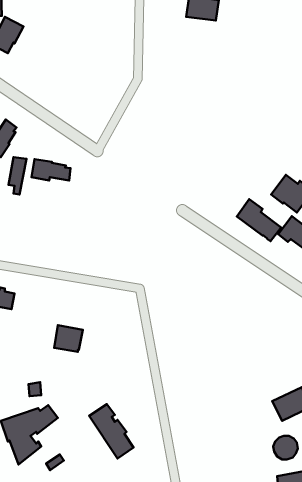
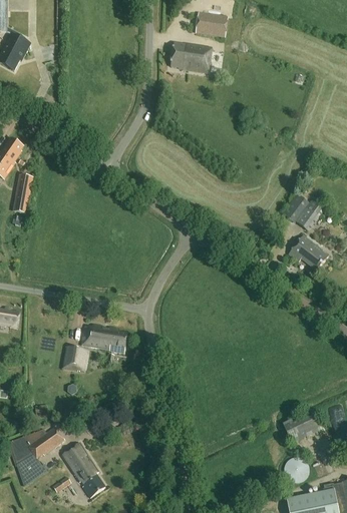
building: none -> [169,41,211,72]
building: [31,159,71,180] -> none
building: [237,199,281,241] -> none
building: none -> [81,324,125,354]
building: [89,404,133,458] -> [61,442,106,497]

